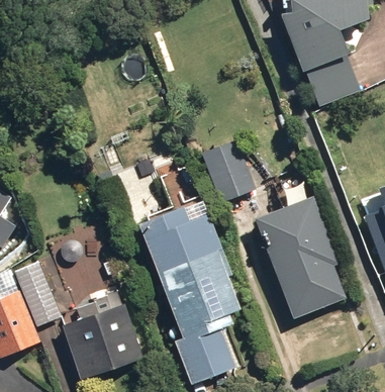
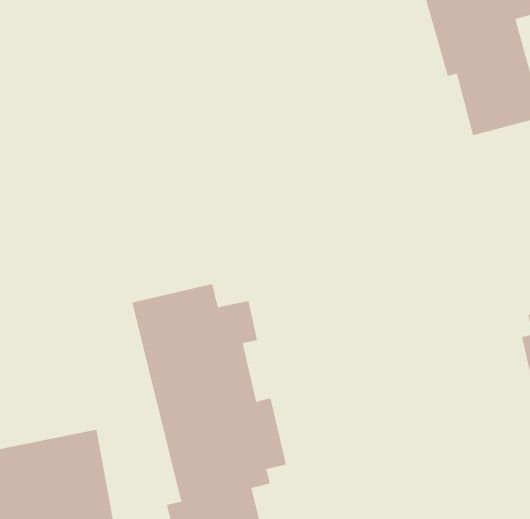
building: [201,139,256,202] -> none
building: [257,197,349,319] -> none

